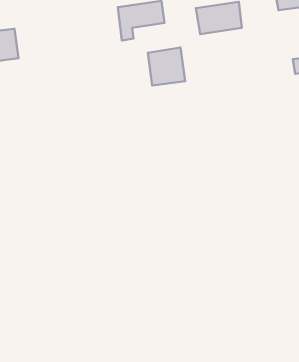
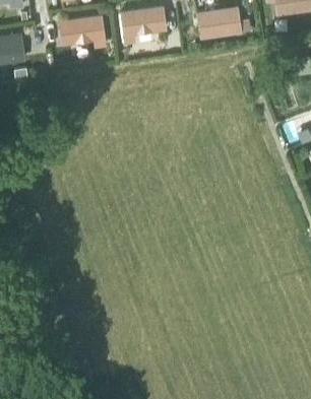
building: none -> [59,14,107,48]
building: [148,48,185,86] -> none

